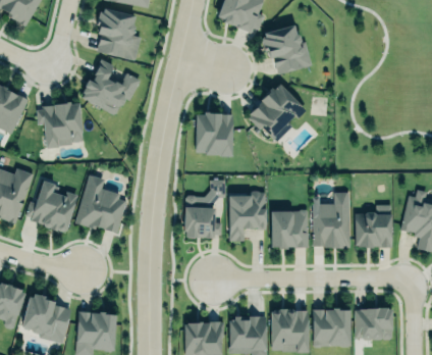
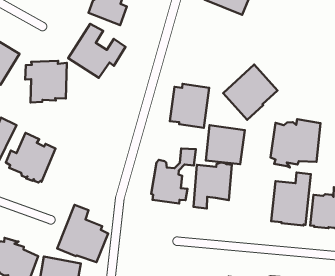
building: [261,26,312,74] -> none
building: none -> [271,119,321,168]
building: [75,174,127,233] -> [57,205,108,262]
building: [270,210,308,248] -> [206,125,245,164]

